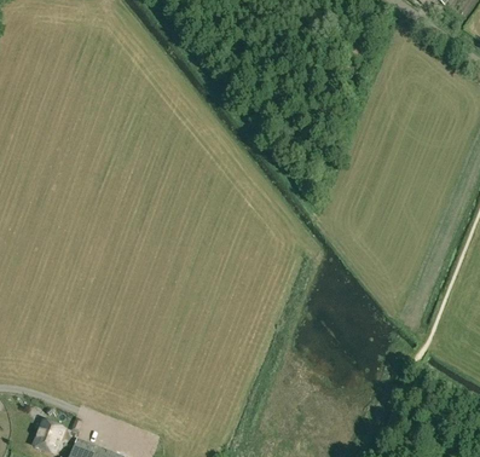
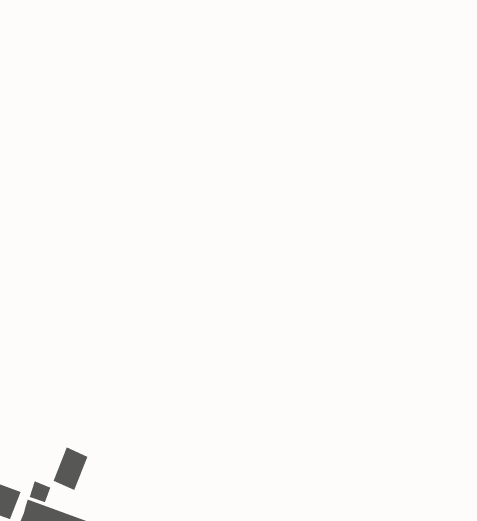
building: none -> [53,446,88,491]

